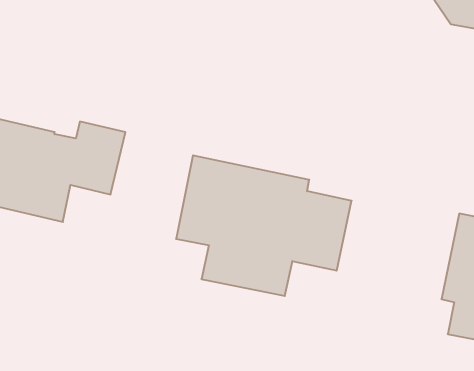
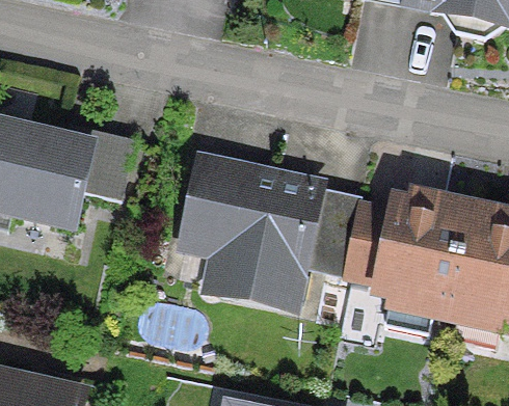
building: none -> [347,201,460,330]

